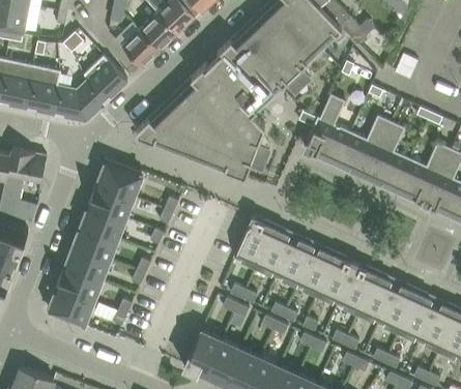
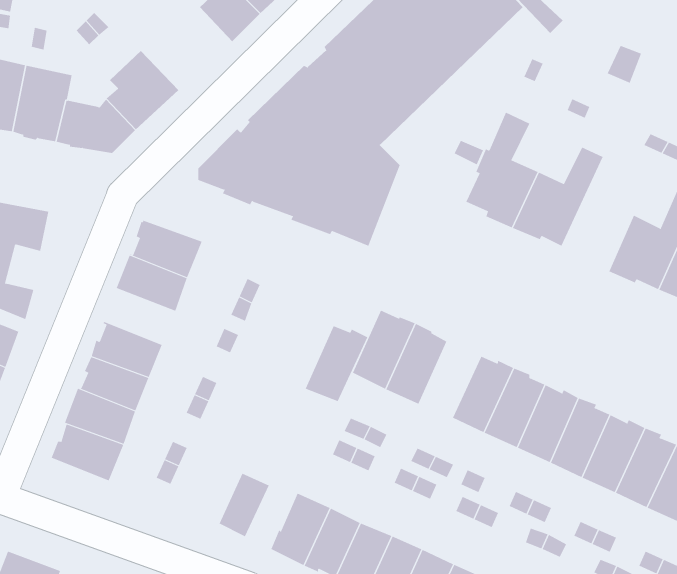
building: [122,29,161,67] -> none
building: [366,122,410,193] -> none
building: [81,204,125,239] -> none
building: [277,237,316,285] -> [305,325,368,402]
building: none -> [219,473,269,537]

